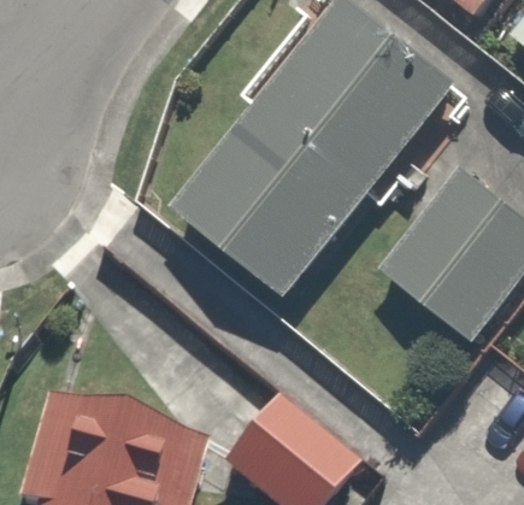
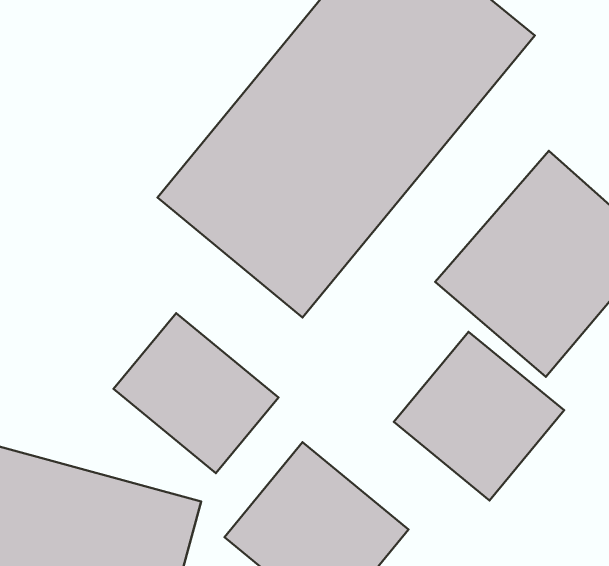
building: none -> [113,313,279,473]
building: none -> [394,332,564,500]

